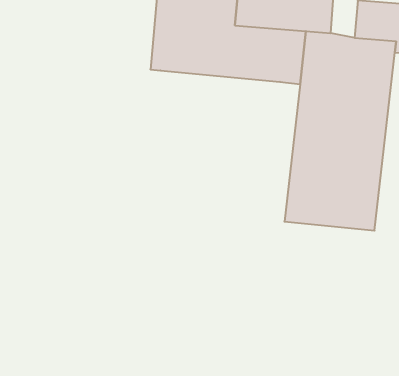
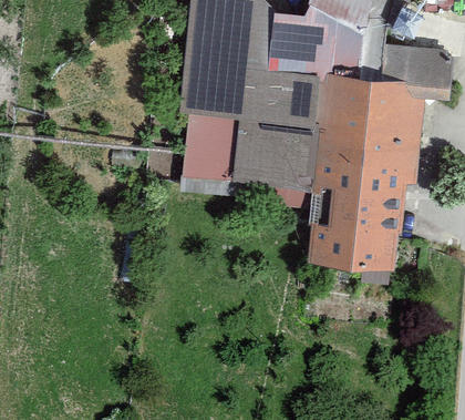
building: none -> [183,113,307,202]

